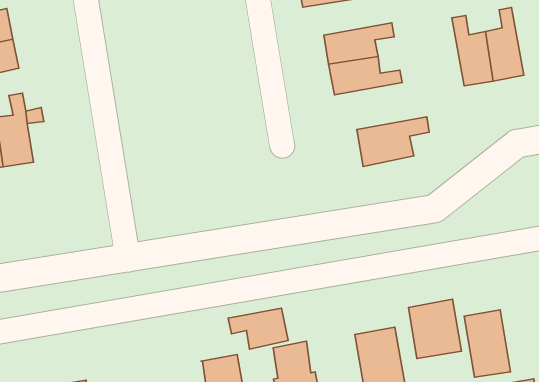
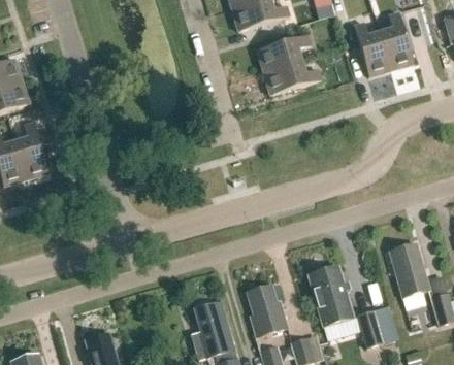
building: [357,117,429,167] -> none
building: [408,299,461,358] -> none
building: [228,308,288,349] -> none

